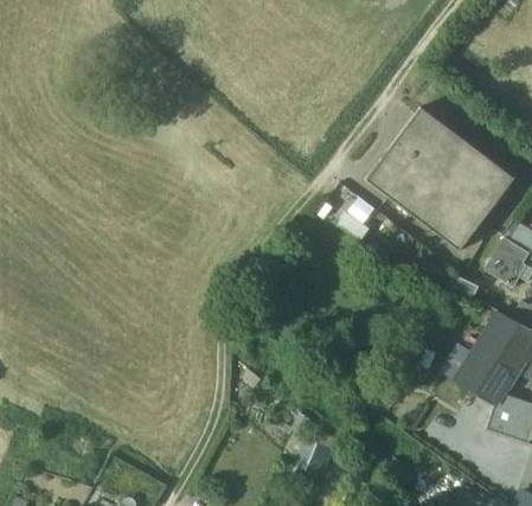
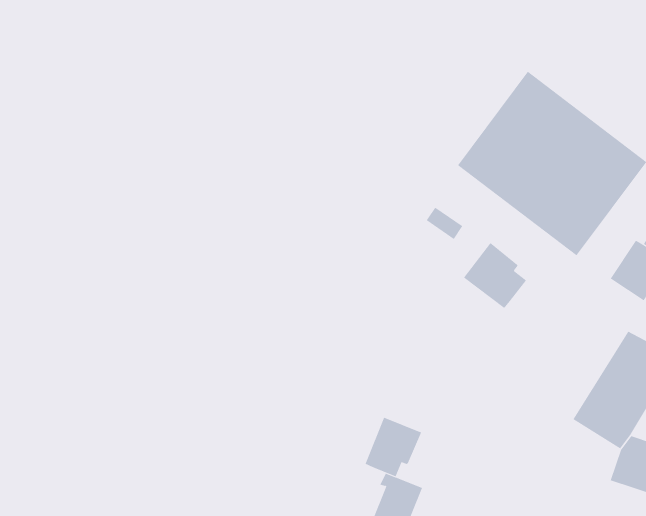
building: none -> [463,242,527,309]
building: none -> [365,417,422,477]

